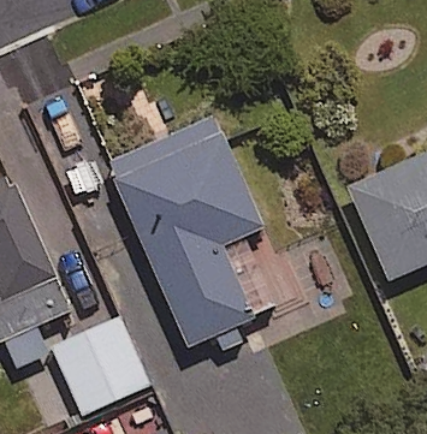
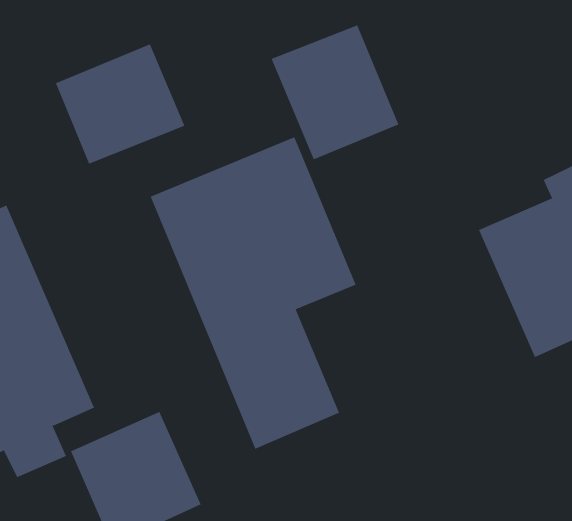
building: none -> [271,24,399,160]
building: none -> [55,44,185,165]

